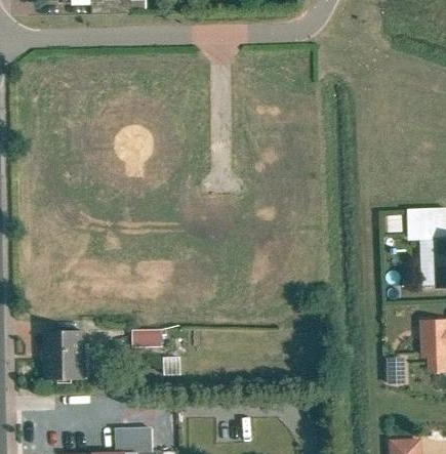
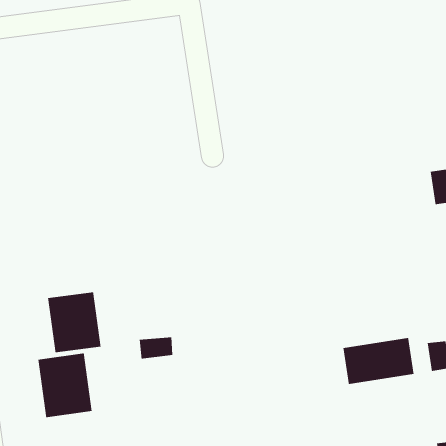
building: none -> [47,291,101,353]
building: none -> [343,337,414,385]

